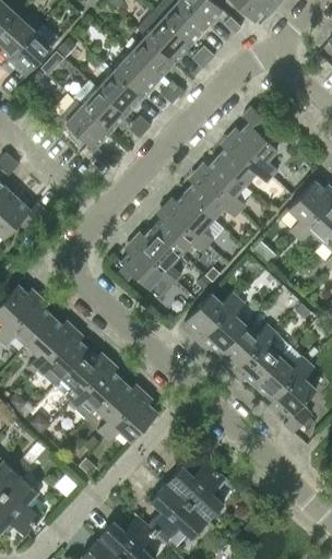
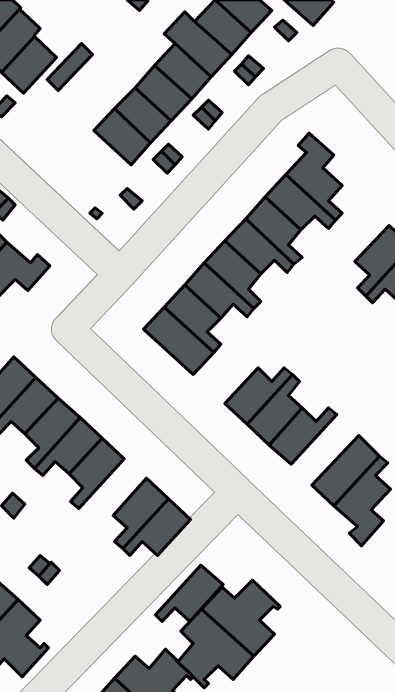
building: [60,100,110,150] -> none
building: [237,330,290,385] -> none
building: [69,365,122,409] -> [155,565,223,622]

